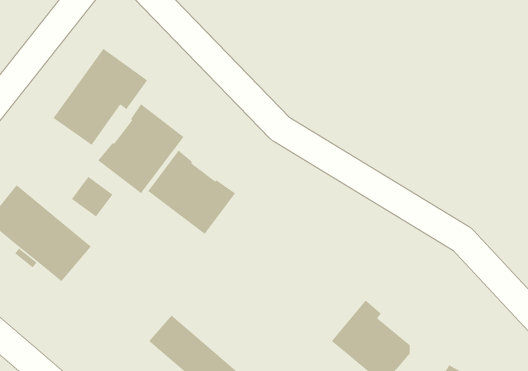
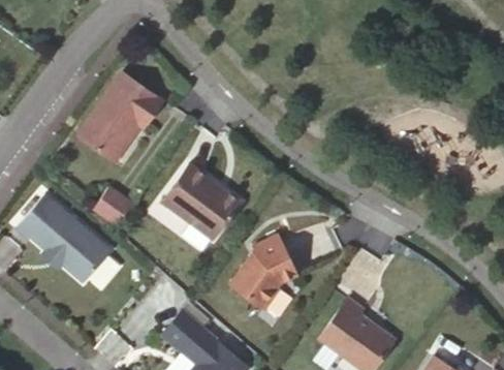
building: [97,103,184,194] -> none
building: none -> [230,235,297,308]

